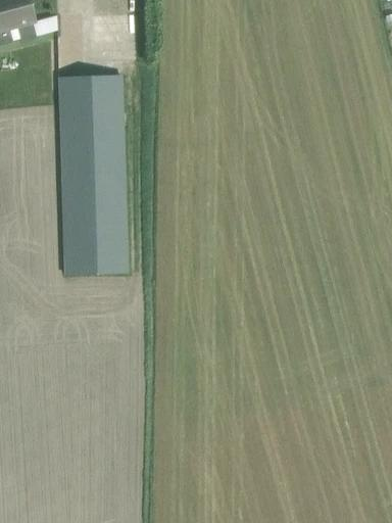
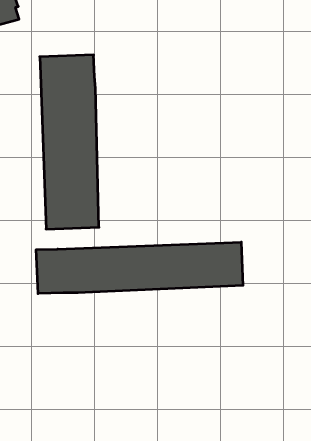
building: none -> [36,242,243,294]

